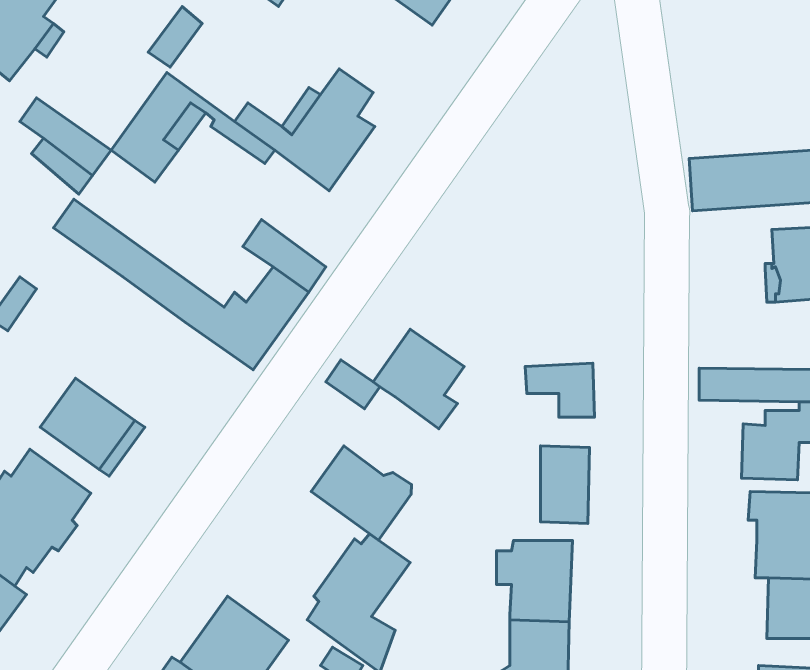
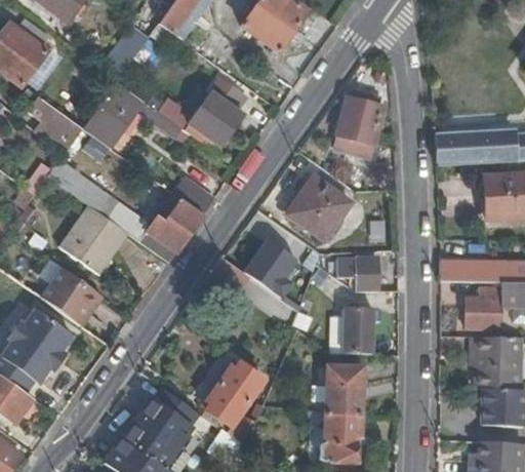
building: none -> [334,92,382,156]
building: none -> [285,175,350,240]
building: none -> [62,205,128,274]
building: [311,446,412,540] -> none

